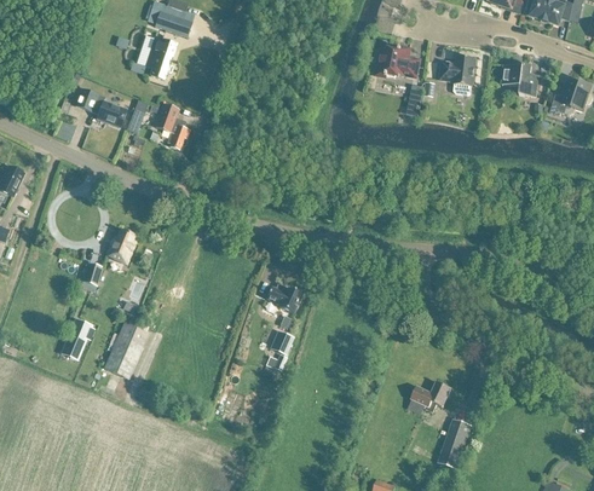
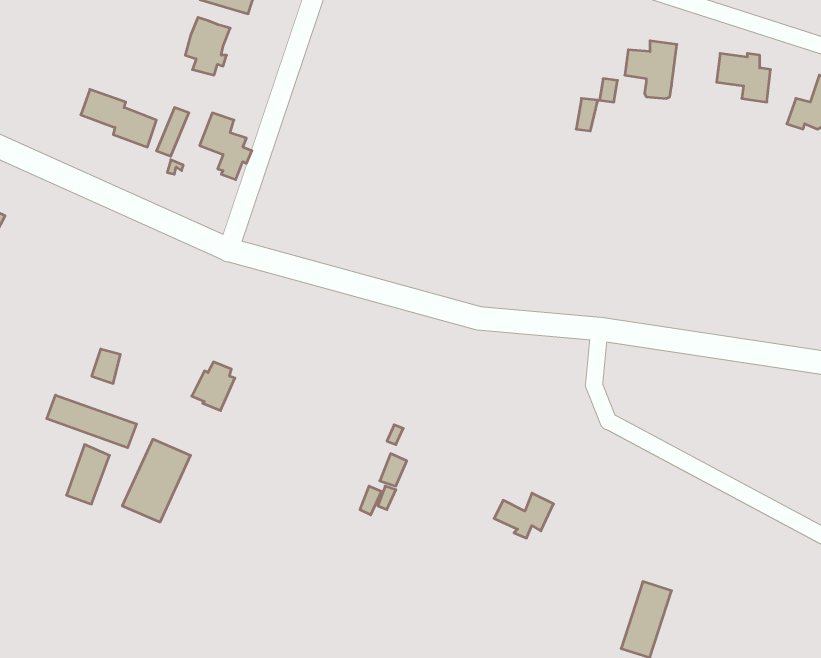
building: [376,41,420,76] -> none
building: [106,229,135,261] -> [192,362,235,411]
building: [266,283,302,312] -> none
building: none -> [47,395,137,448]
building: [411,380,451,410] -> [494,493,554,538]

